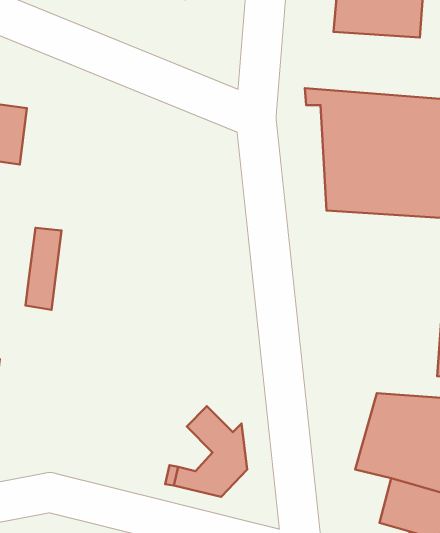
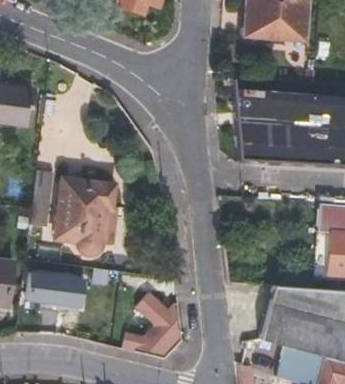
building: none -> [58,179,117,251]
building: none -> [27,273,86,306]

